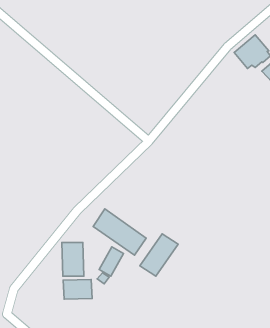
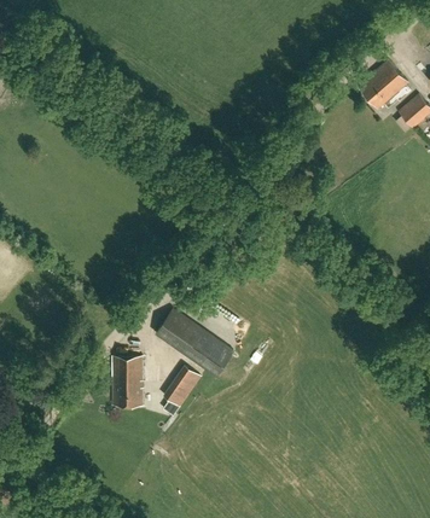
building: [140,234,178,276] -> none
building: [63,279,92,299] -> none

